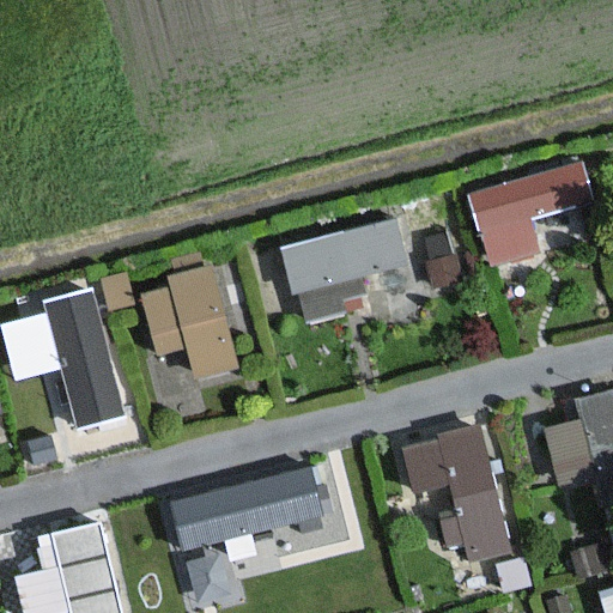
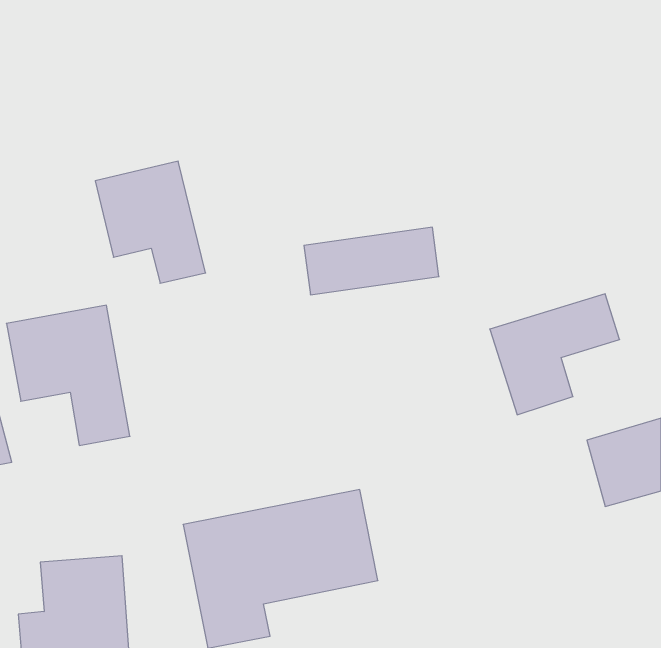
building: [465,163,584,274] -> [490,294,620,415]
building: [136,269,238,382] -> [95,161,206,283]
building: [396,425,508,564] -> none

